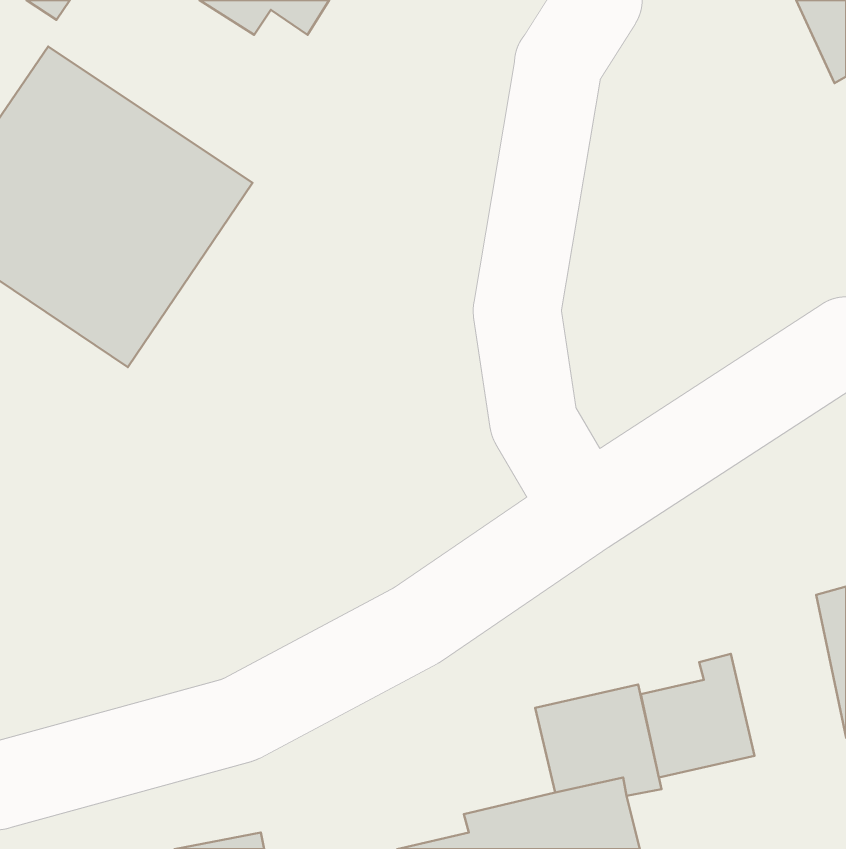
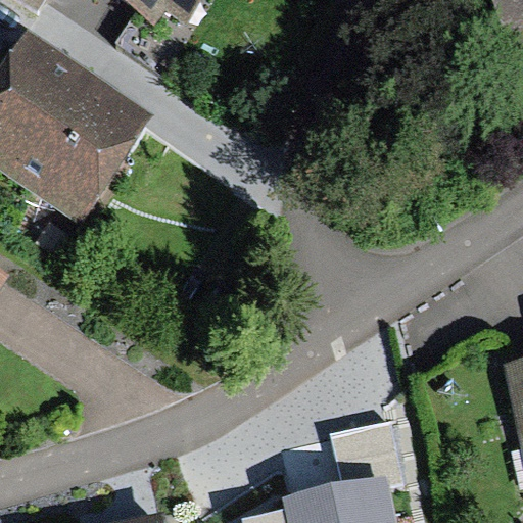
building: [641,654,754,778] -> none

